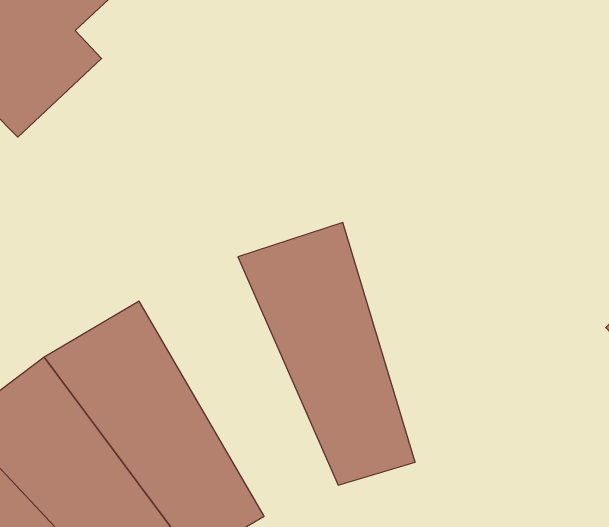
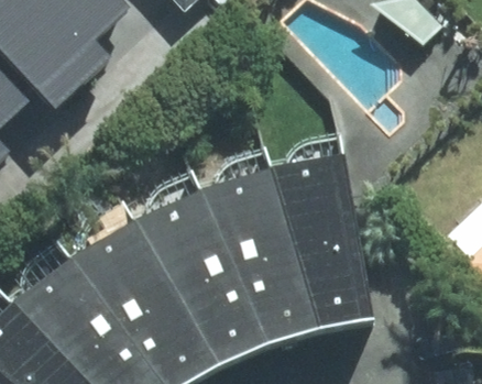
building: none -> [271,155,372,328]
building: none -> [134,190,267,364]

